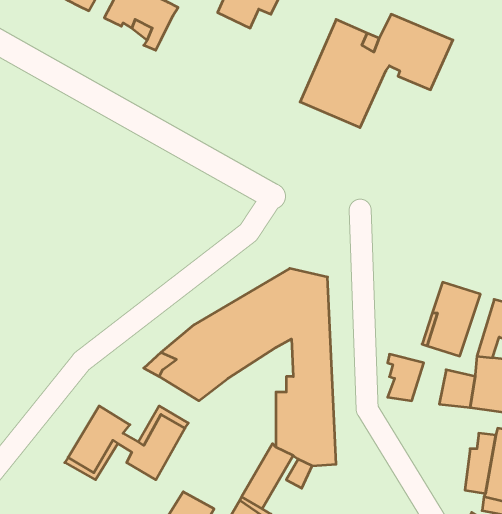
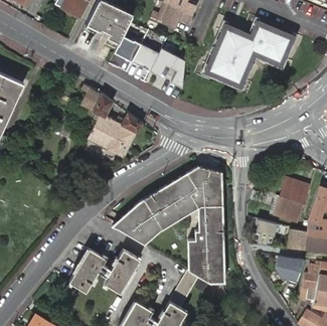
building: none -> [113,34,184,88]
building: none -> [76,84,141,159]
building: none -> [275,257,302,287]

